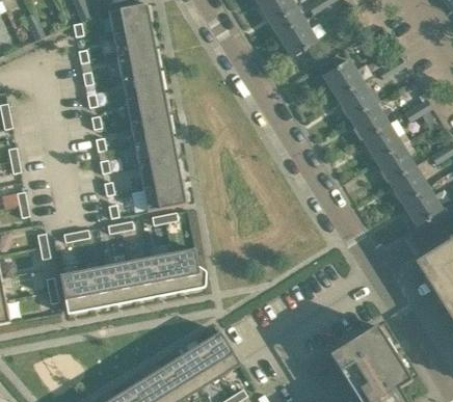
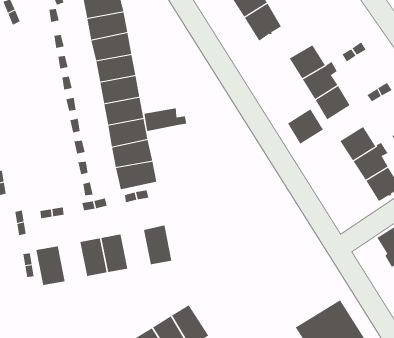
building: [363,123,401,160] -> [287,109,324,144]
building: none -> [144,108,187,132]
building: [149,252,179,293] -> none
building: [83,265,112,306] -> none

